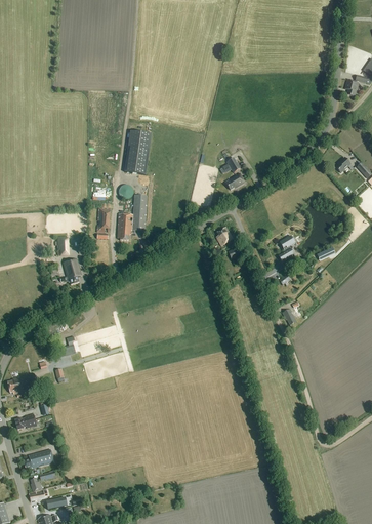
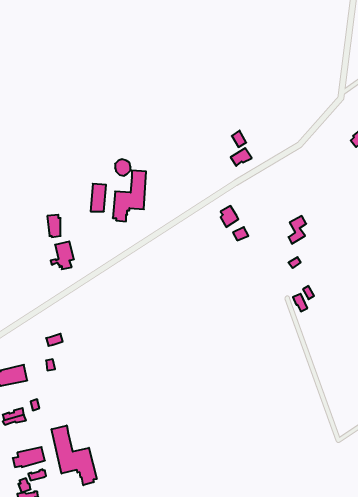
building: [124,130,152,174] -> none
building: none -> [52,425,97,485]

